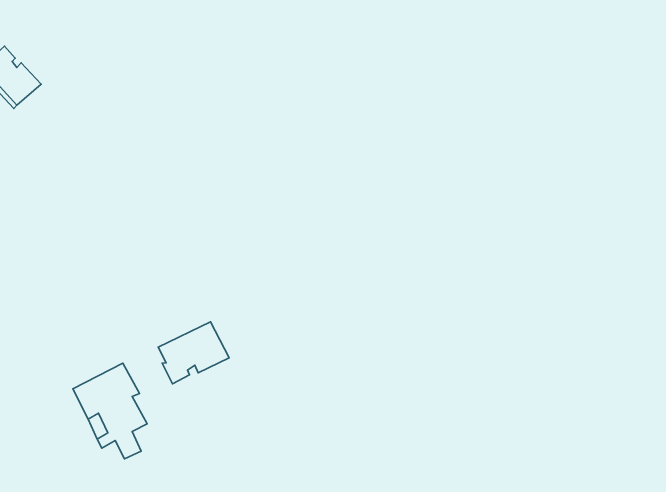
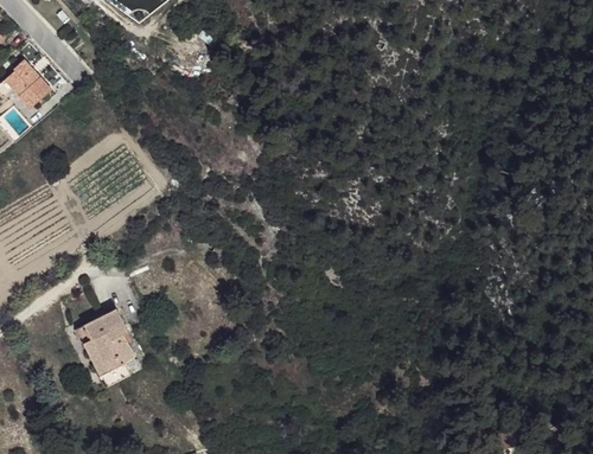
building: [158,322,229,384] -> none

